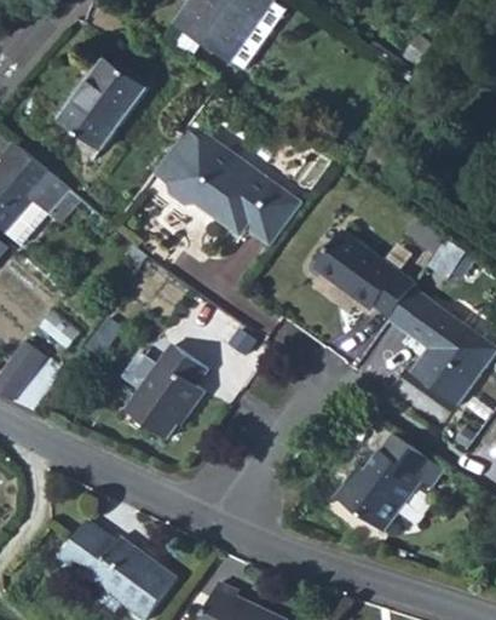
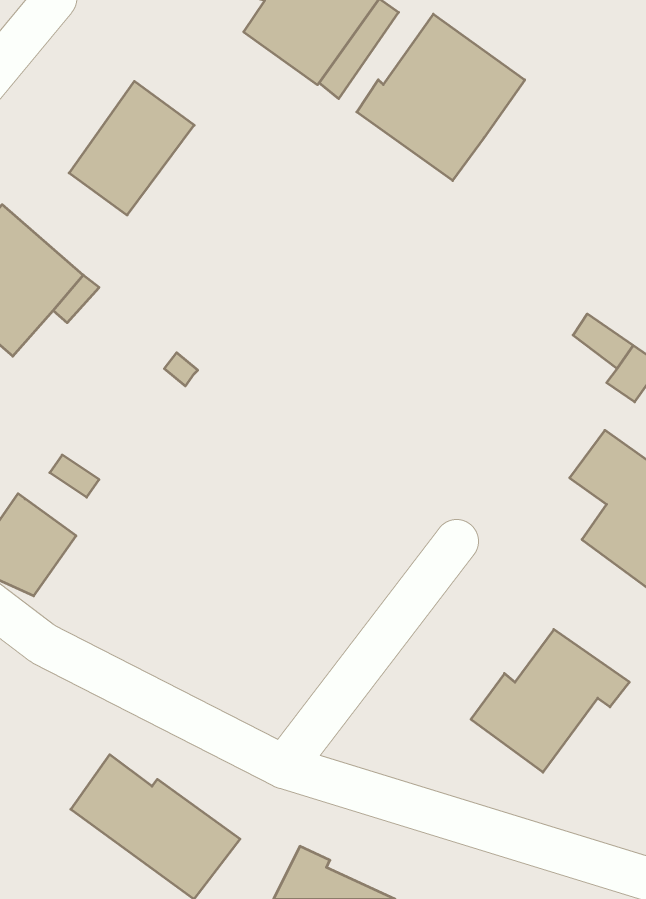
building: none -> [357,14,525,181]
building: [150,122,300,246] -> none
building: [312,230,414,316] -> none
building: [125,344,204,438] -> none

